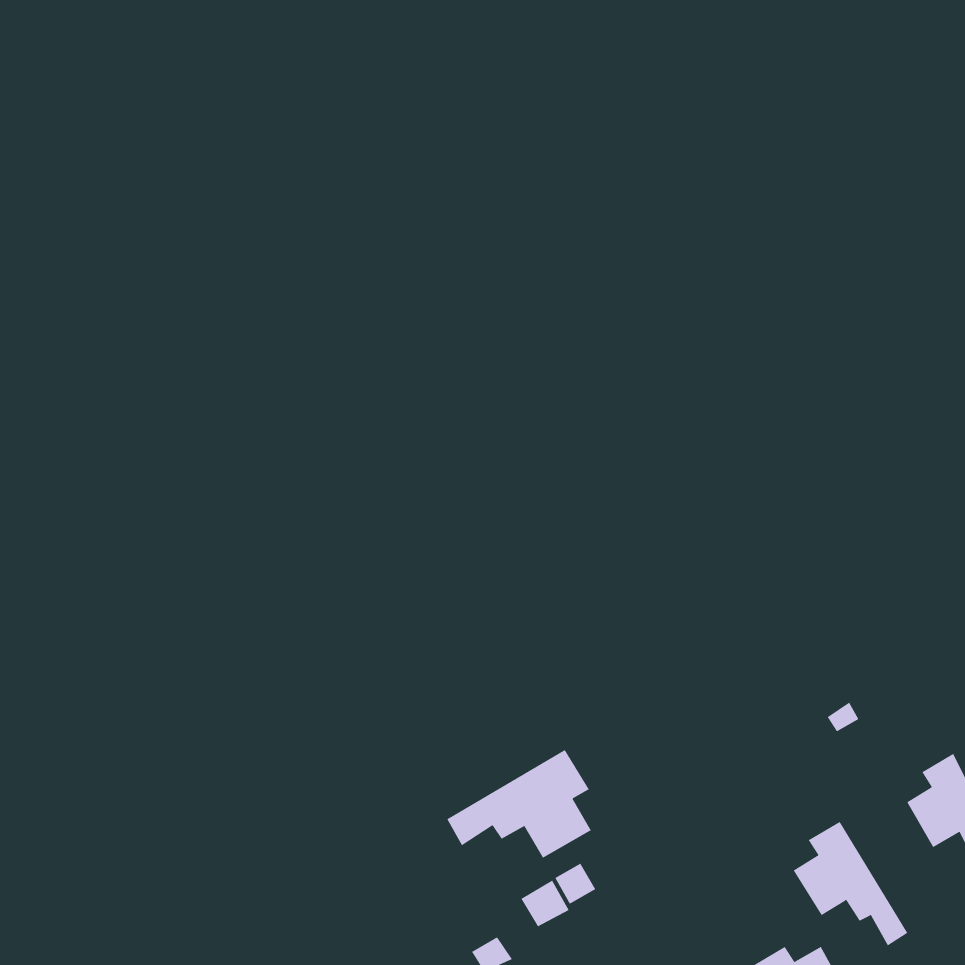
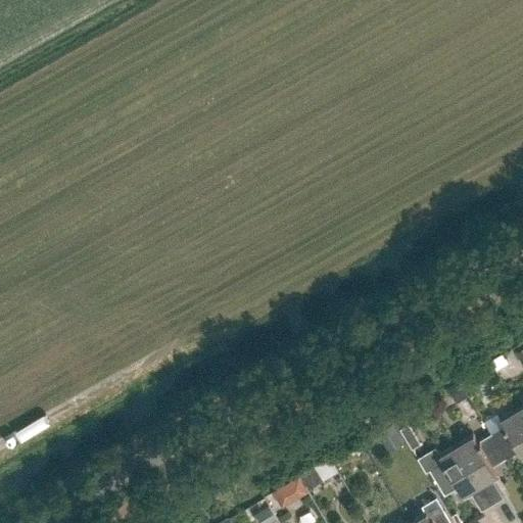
building: [446,749,592,858] -> none
building: none -> [455,434,505,505]

